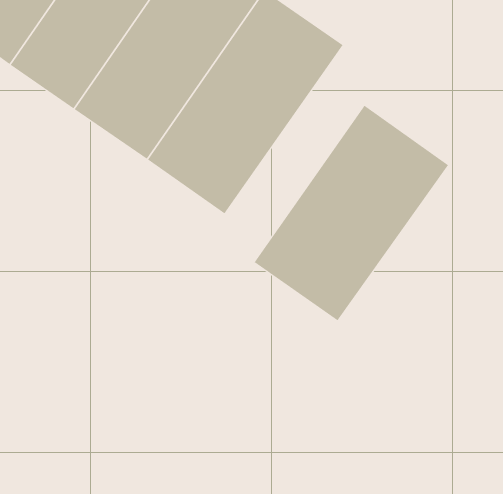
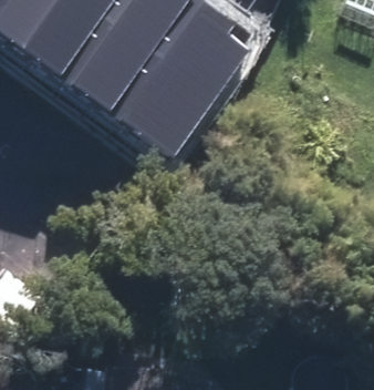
building: [254,105,449,321] -> none

